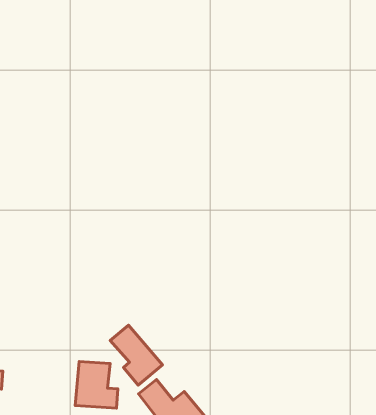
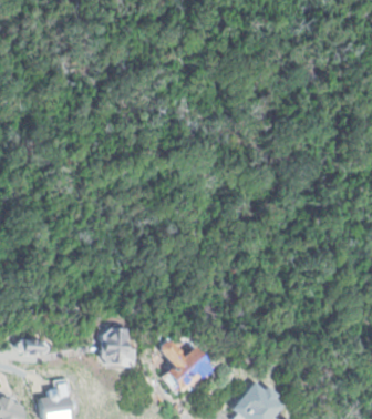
building: [110,325,163,385] -> none

